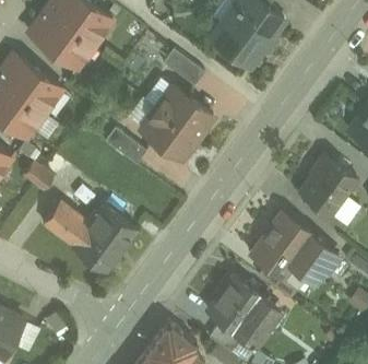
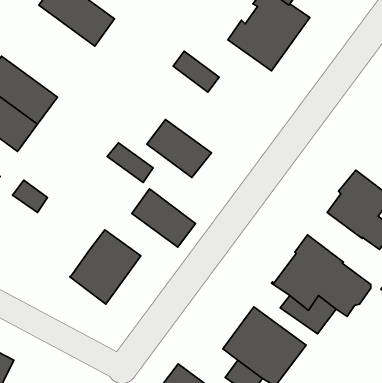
building: [28,9,95,69] -> none
building: [157,87,213,139] -> [132,189,195,247]
building: [43,201,91,247] -> none

